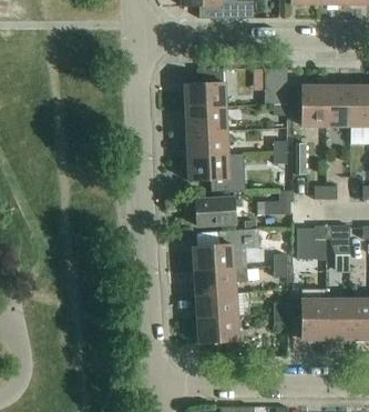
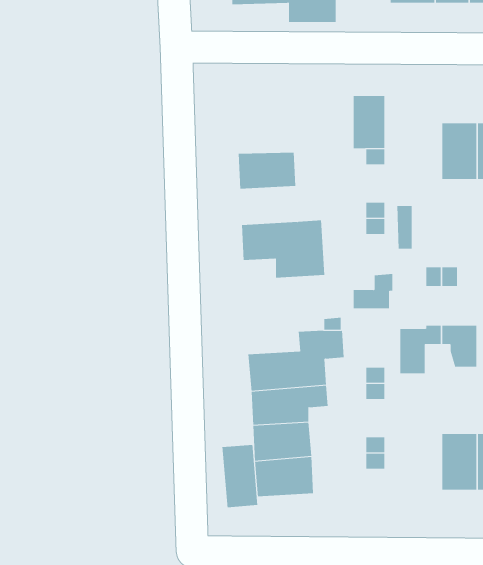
building: [185,81,225,107] -> none
building: [301,86,326,124] -> none
building: [187,129,227,155] -> none
building: [195,197,235,224] -> none
building: [293,288,326,338] -> none
building: none -> [222,444,258,508]

